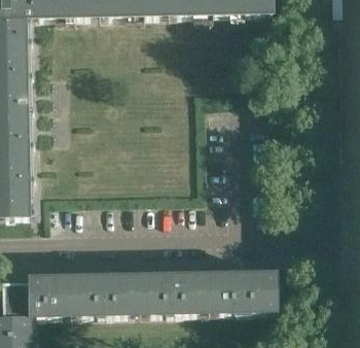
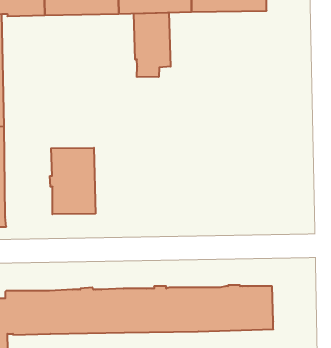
building: none -> [134,12,171,77]
building: none -> [50,148,95,214]

